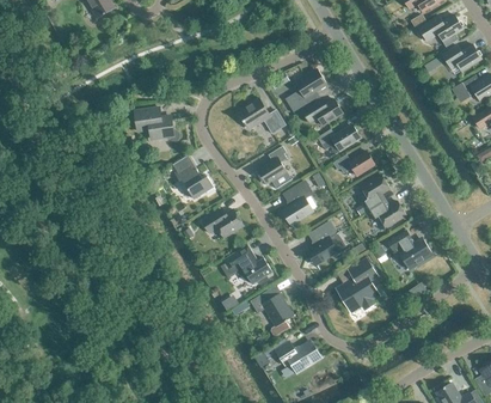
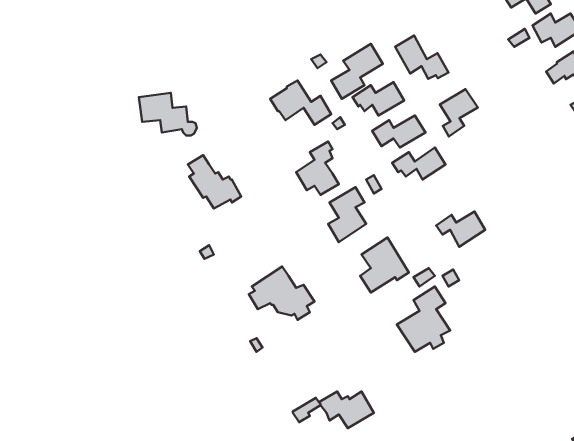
building: none -> [395,36,449,79]
building: [361,175,391,212] -> [440,89,478,137]
building: [202,207,244,237] -> none
building: [388,231,431,269] -> none
building: [250,292,295,337] -> none

